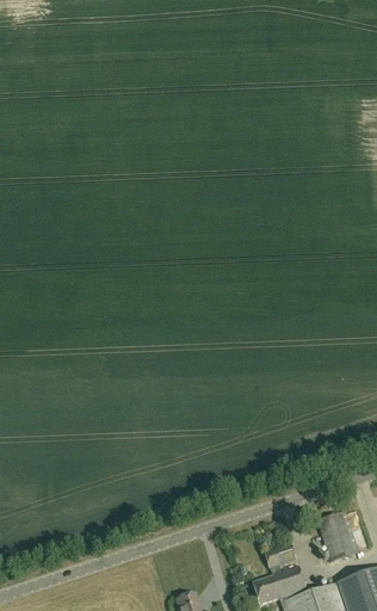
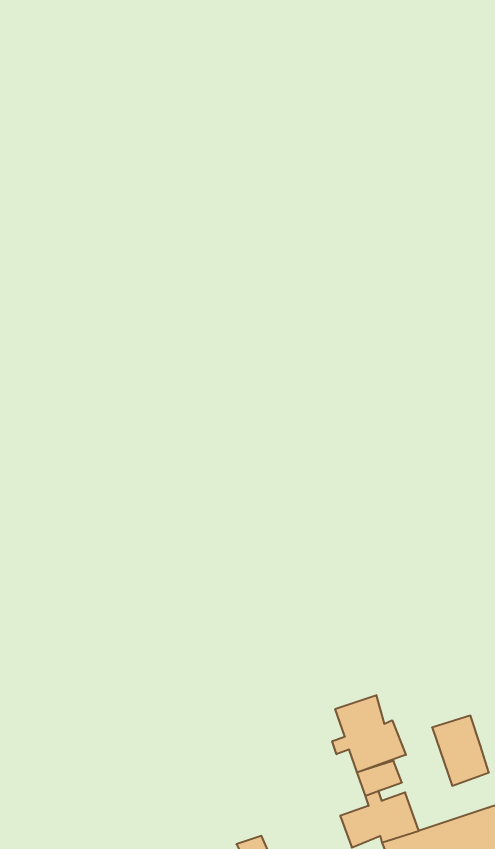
building: none -> [332,695,406,772]

